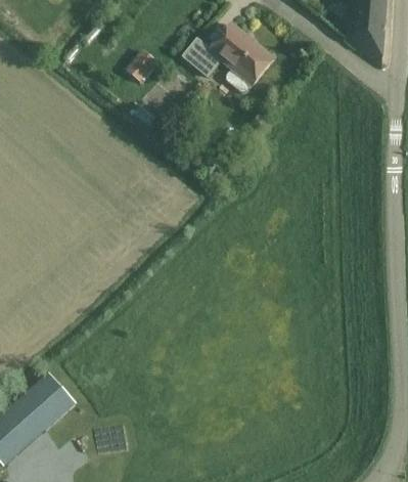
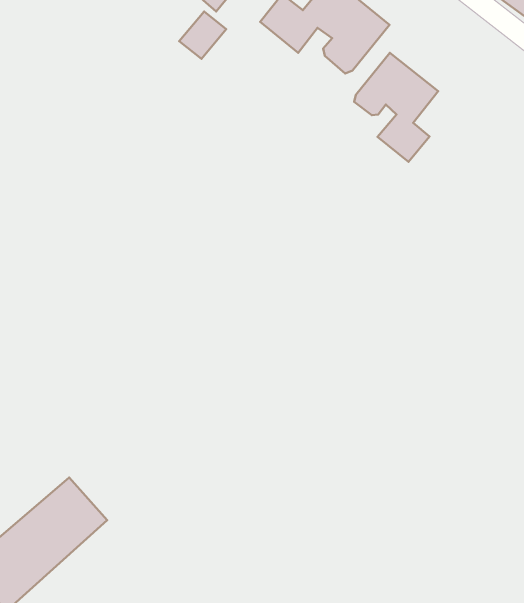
building: none -> [354,53,438,162]

